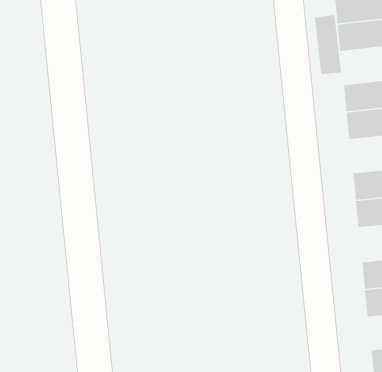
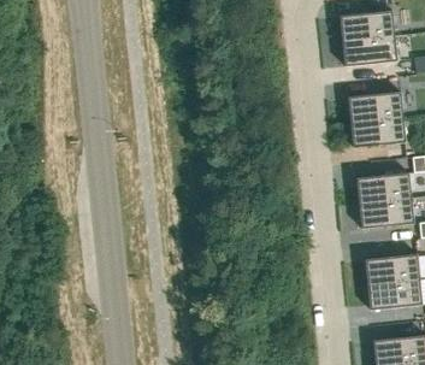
building: [314,14,342,75] -> none

